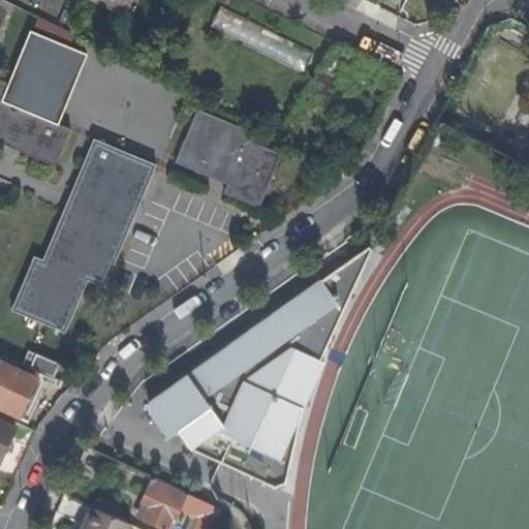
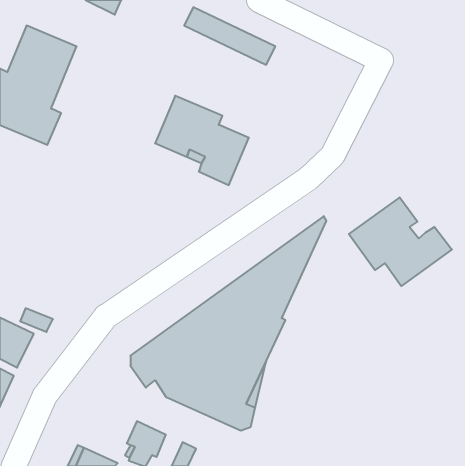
building: [12,139,155,331] -> none
building: none -> [349,197,452,286]

